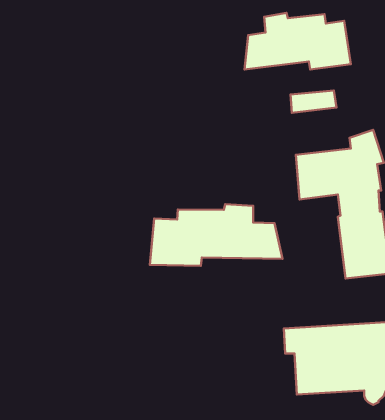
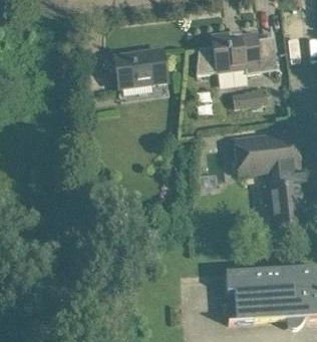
building: none -> [114,48,168,88]
building: [150,204,283,266] -> none

